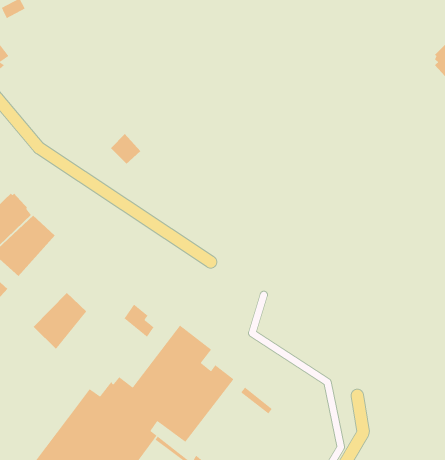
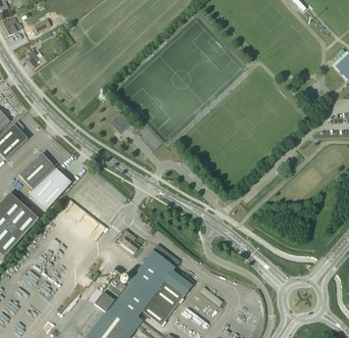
building: [33,292,87,350] -> none

